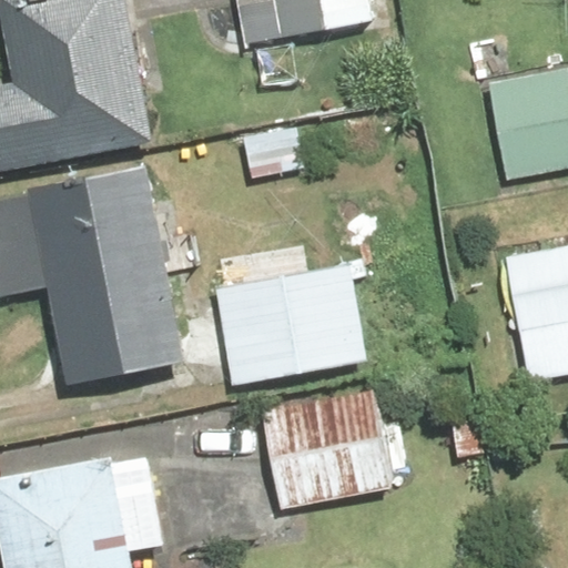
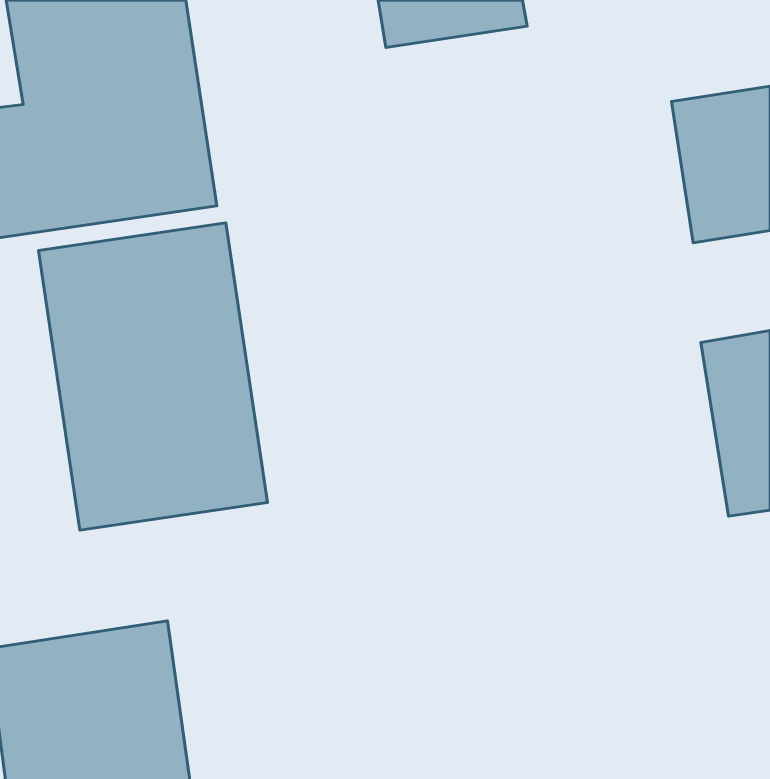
building: [214,264,321,382] -> none
building: [261,384,402,508] -> none

